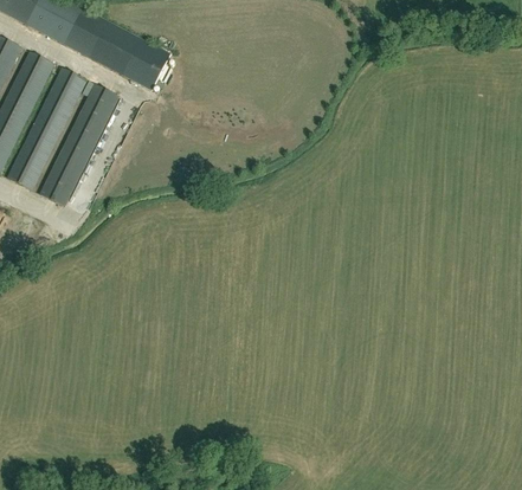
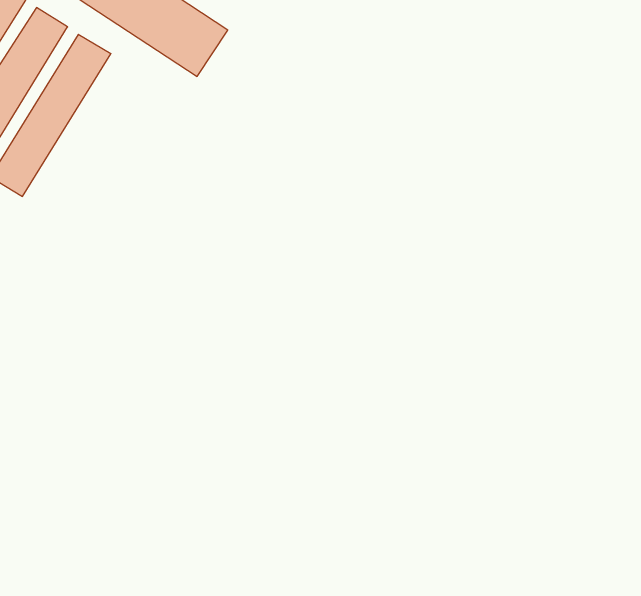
building: [39,83,118,205] -> none

